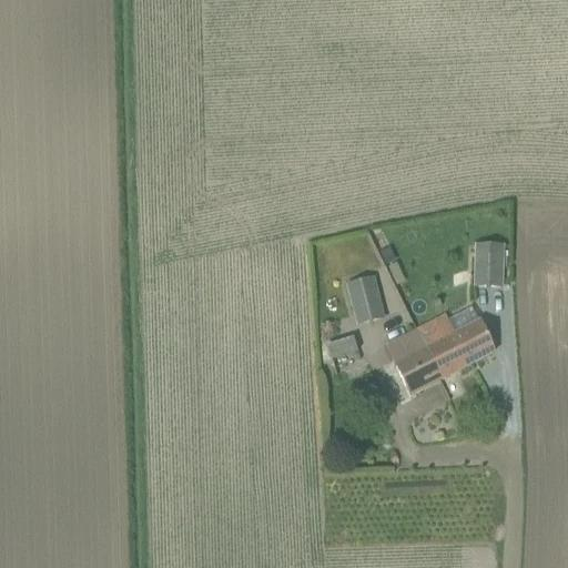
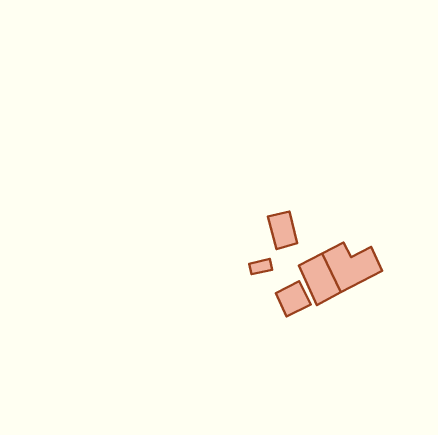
building: [475,241,505,285] -> none
building: none -> [276,281,311,316]

